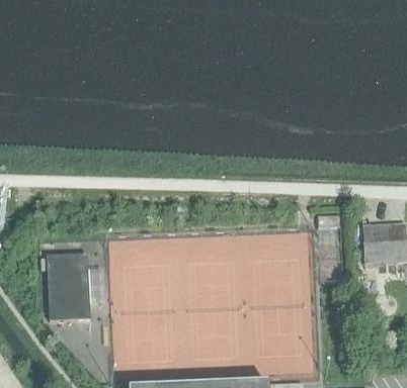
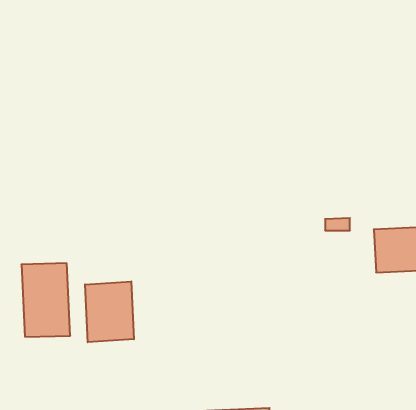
building: none -> [85,281,134,342]

